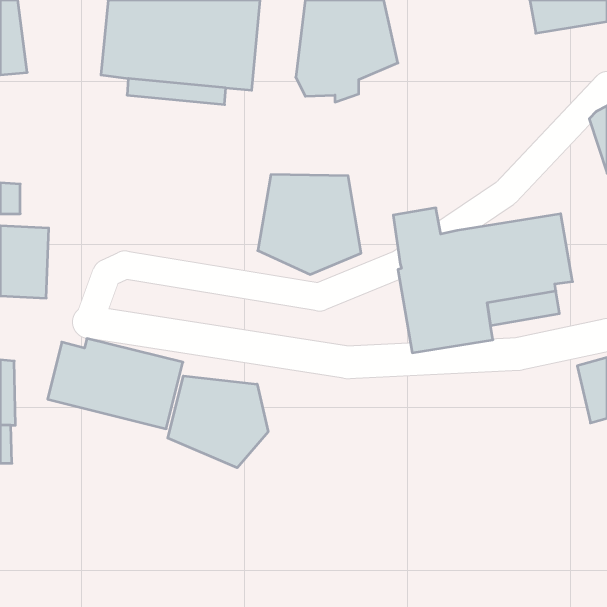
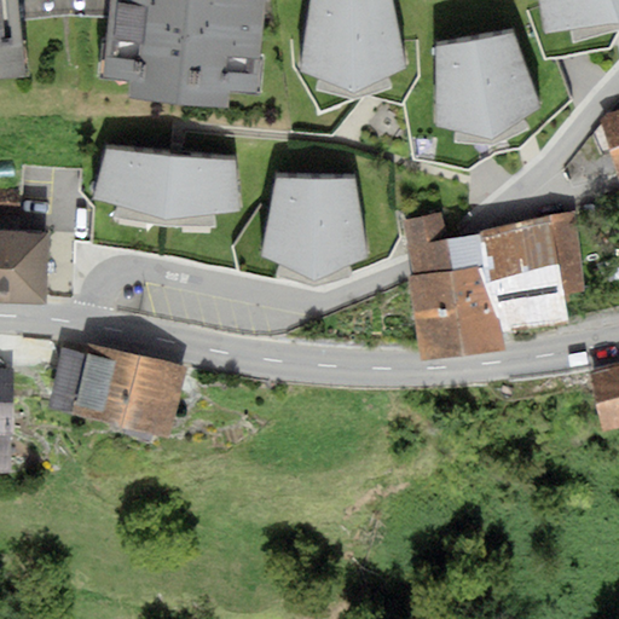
building: none -> [436,29,539,133]
building: none -> [93,147,243,219]
building: [168,376,268,468] -> none

